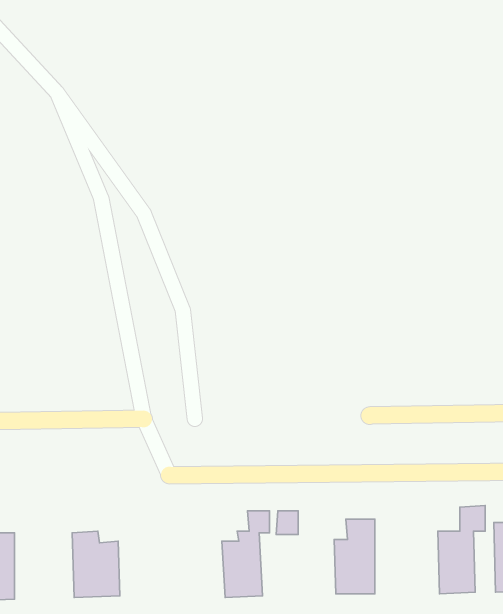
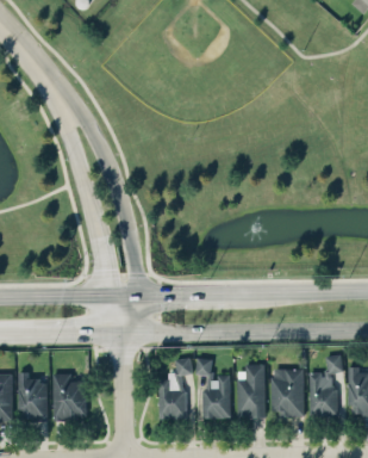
building: none -> [270,369,304,416]
building: none -> [18,372,46,421]
building: none -> [202,376,230,420]

